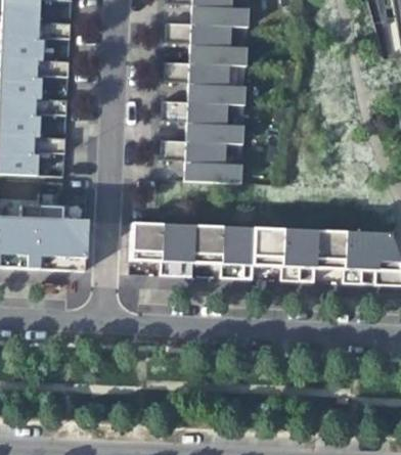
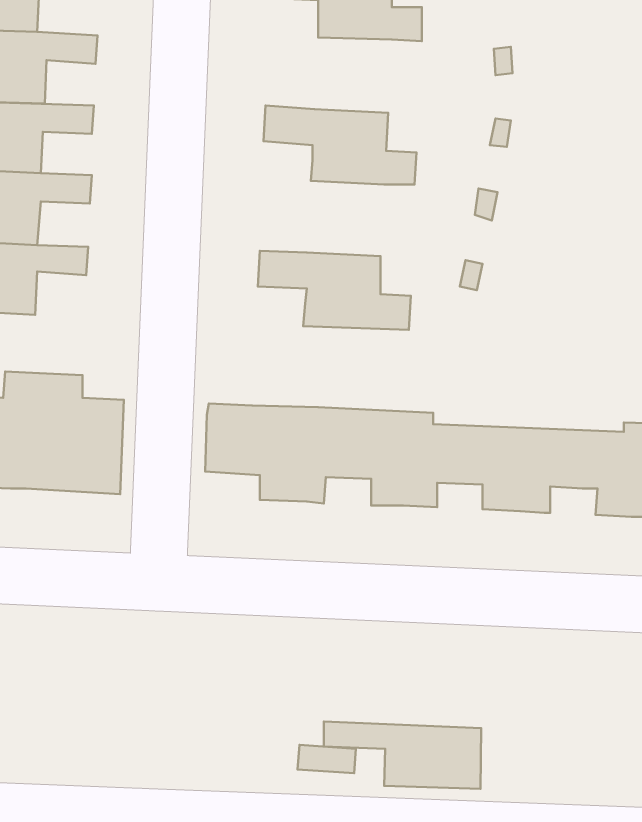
building: [165,22,248,64] -> none
building: [162,100,244,143] -> none
building: none -> [324,721,481,789]

